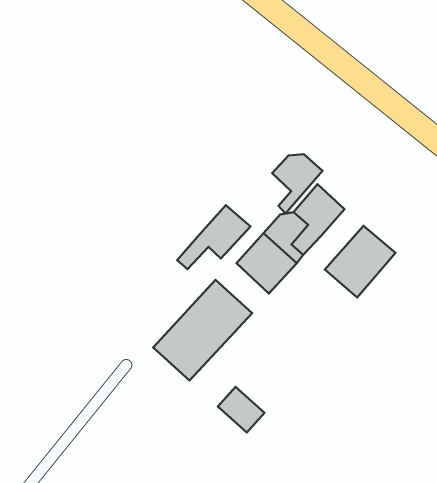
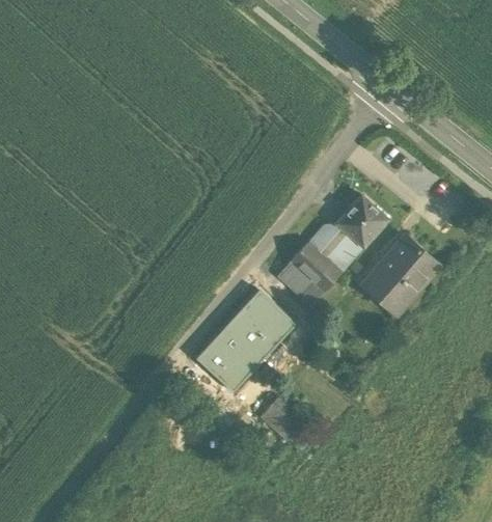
building: [272,154,323,214] -> none
building: [177,205,251,269] -> none

